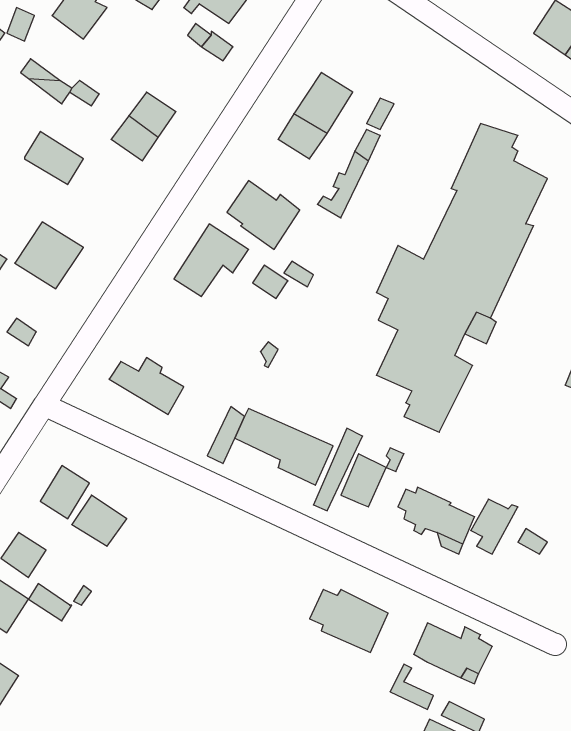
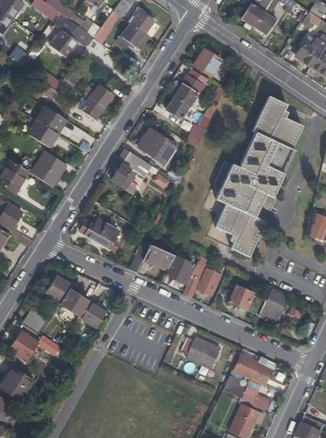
building: none -> [193,48,221,75]
building: none -> [28,118,58,145]
building: none -> [78,301,108,330]

